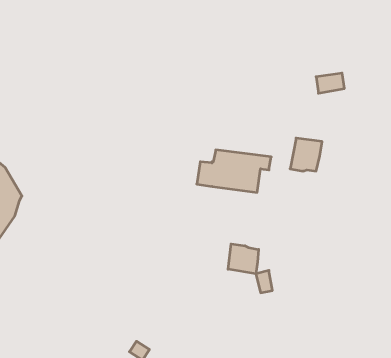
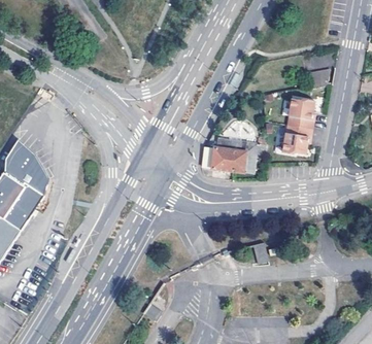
building: none -> [289,101,316,131]
building: [228,244,259,274] -> none

